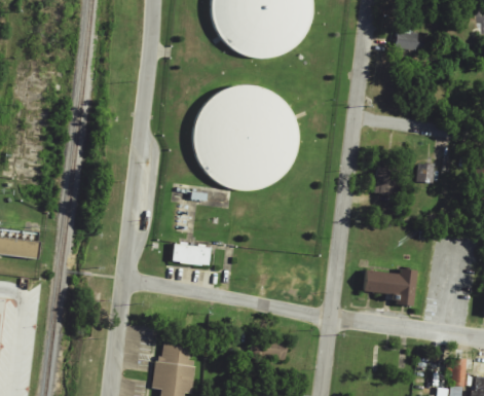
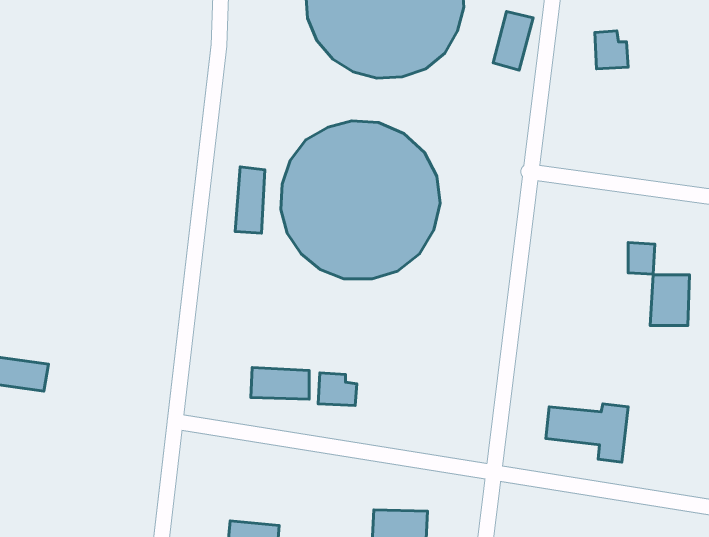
building: none -> [493,12,533,70]
building: none -> [235,167,265,233]
building: [376,163,402,195] -> [650,275,690,325]
building: none -> [318,373,357,406]

